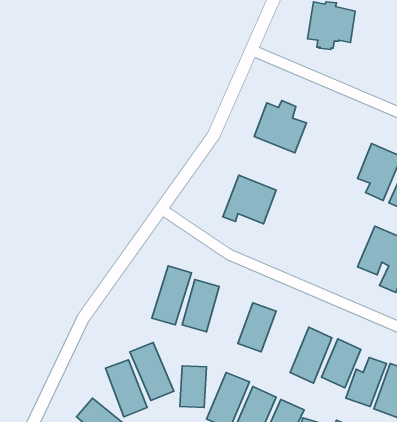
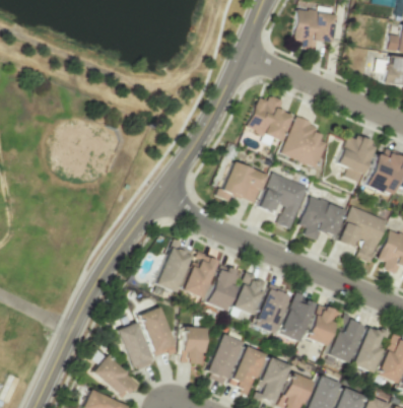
building: none -> [283,117,328,166]
building: none -> [260,173,310,229]
building: none -> [299,196,346,241]
building: none -> [206,265,242,311]
building: none -> [254,284,290,334]

